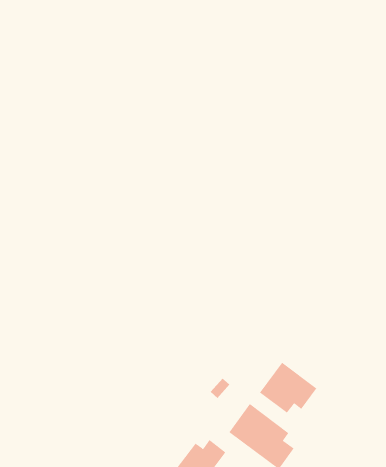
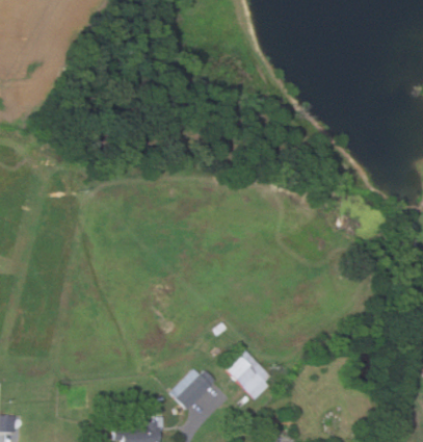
building: [259,362,317,413] -> none

